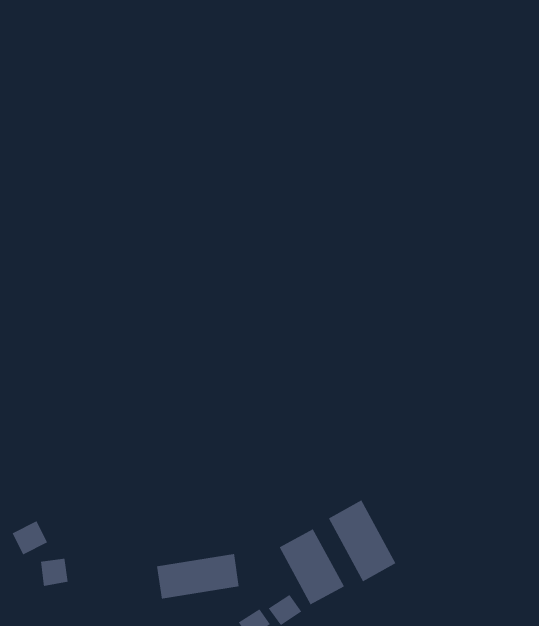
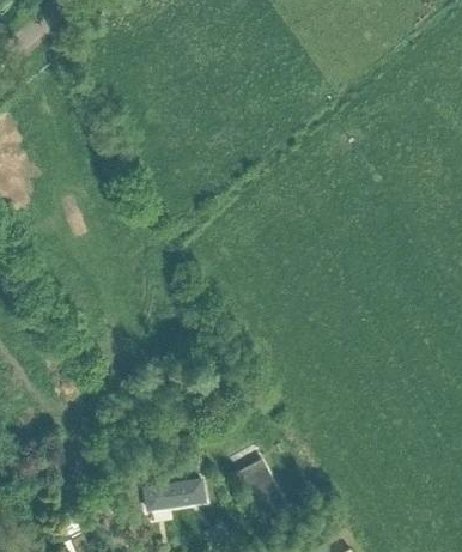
building: [328,499,396,582] -> none

